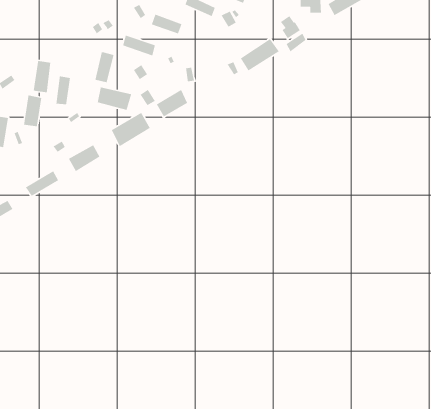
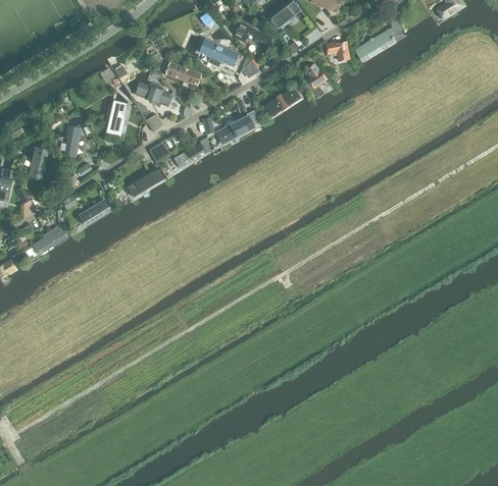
building: [33,60,51,93] -> none
building: none -> [214,116,253,146]
building: [97,86,132,111] -> none

